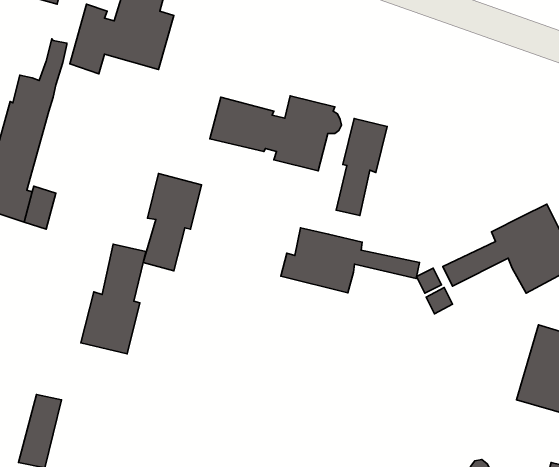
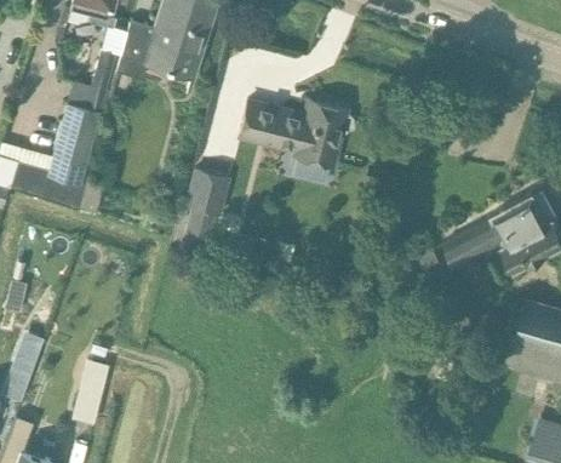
building: [336,119,387,216] -> none
building: [281,228,419,293] -> none
building: [81,244,146,354] -> none

